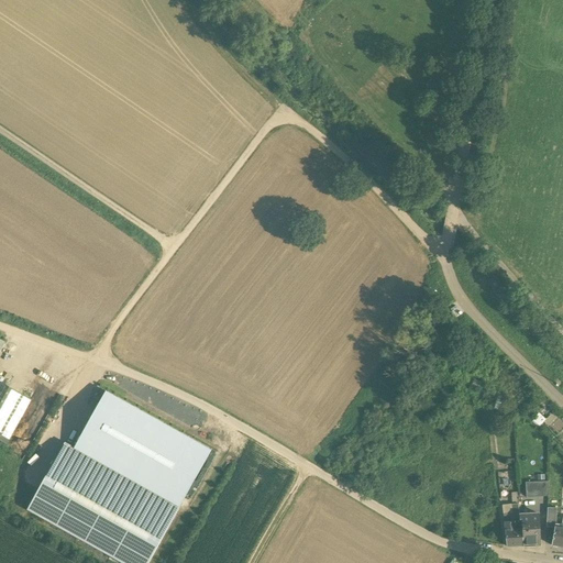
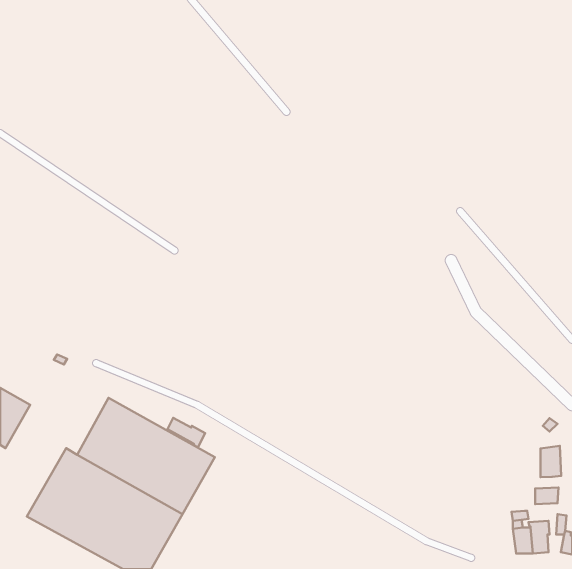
building: none -> [167,418,205,448]
building: none -> [541,446,561,477]

